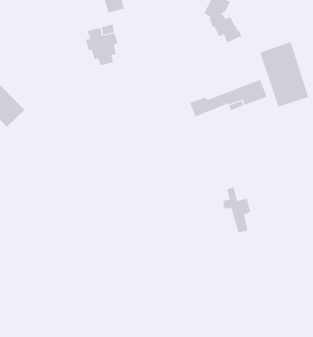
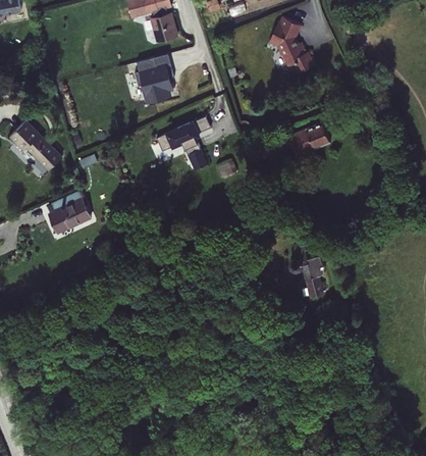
building: [259,41,309,108] -> none
building: none -> [152,117,207,157]
building: none -> [50,197,93,231]

